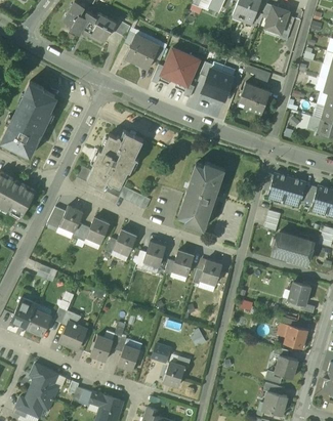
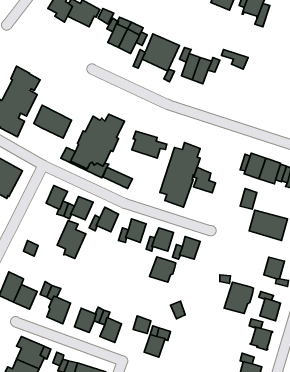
building: [238,82,270,114] -> none
building: none -> [34,105,71,138]
building: none -> [132,131,167,158]
building: none -> [194,167,215,193]
building: none -> [57,221,86,259]
building: none -> [149,257,176,282]
building: none -> [224,282,254,314]

